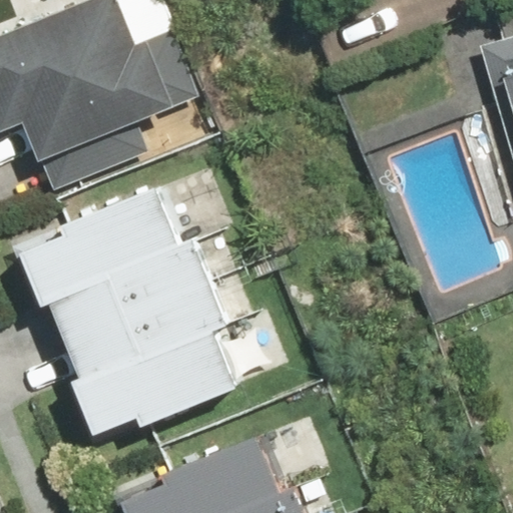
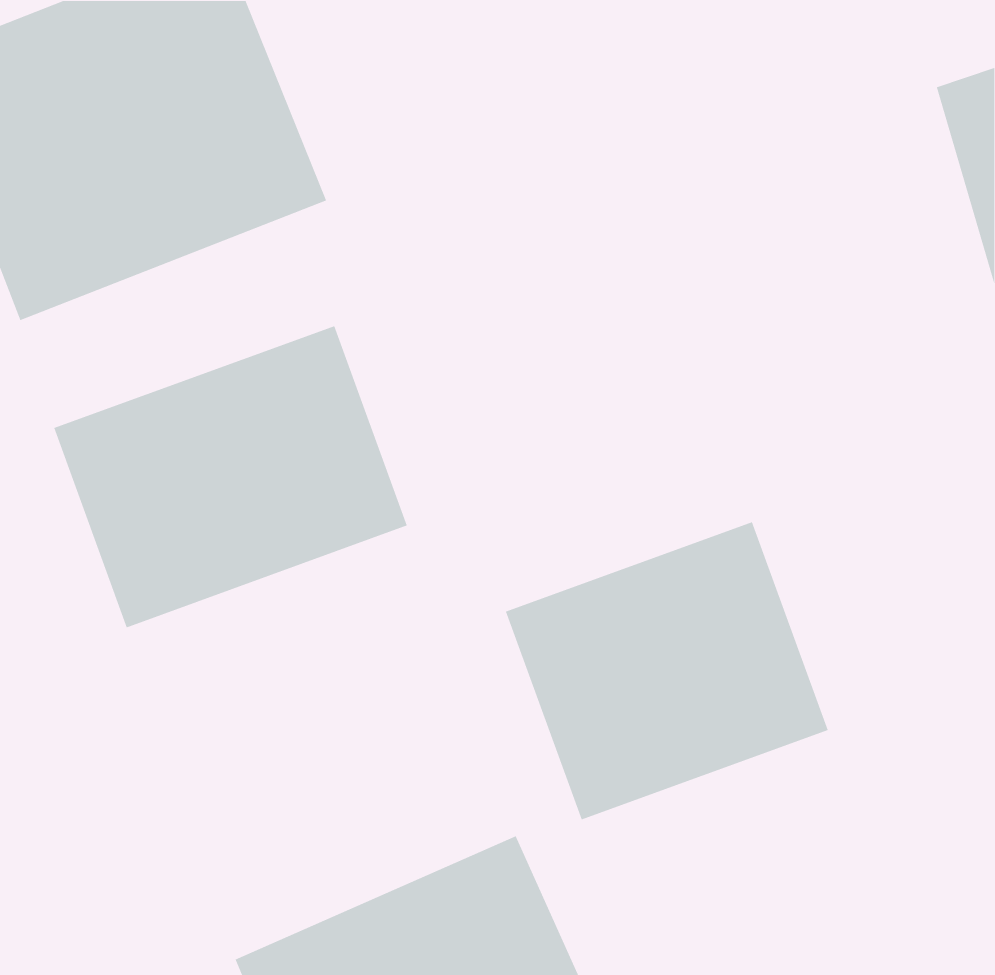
building: none -> [505,521,829,821]
building: [64,284,244,437] -> none

